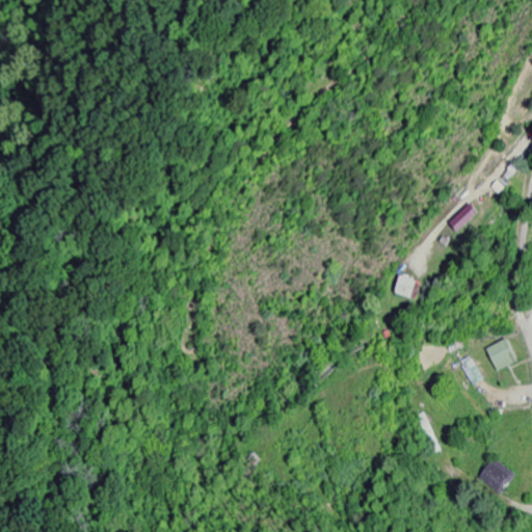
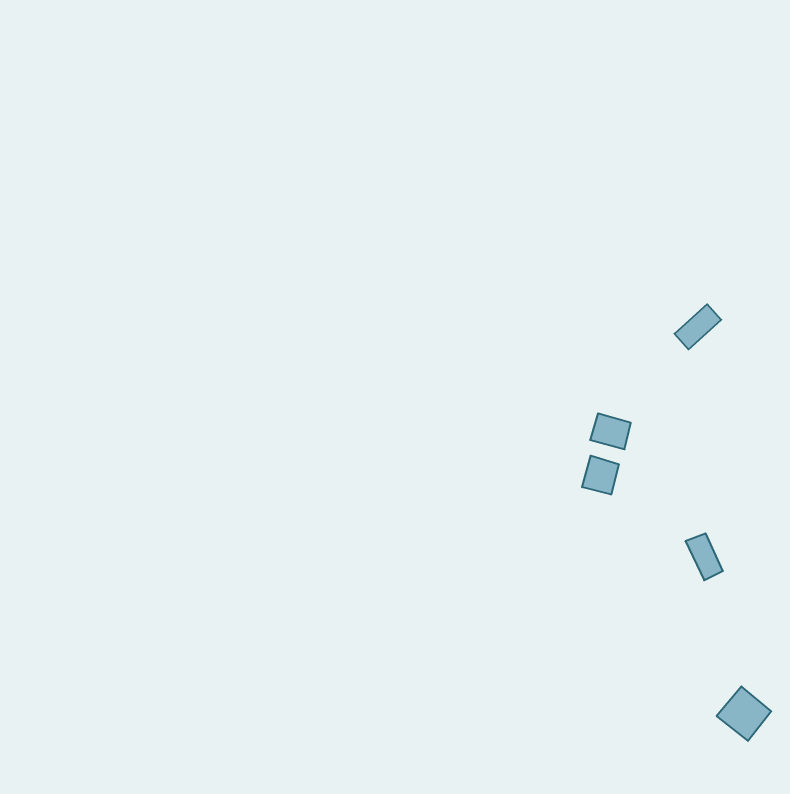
building: none -> [582,456,619,495]
building: [484,339,516,371] -> none

